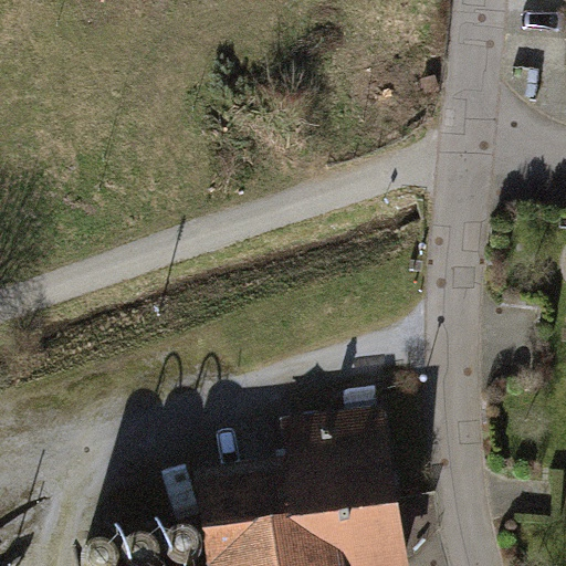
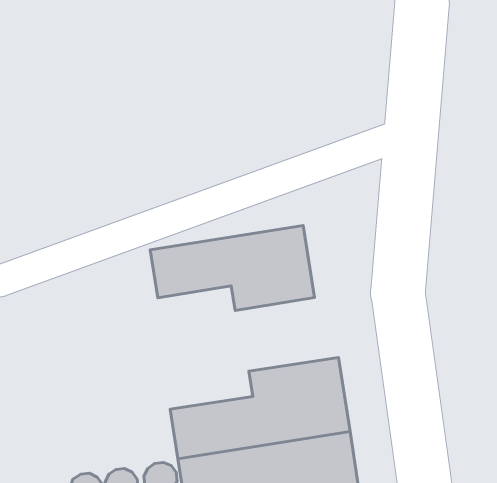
building: none -> [150,226,314,310]

